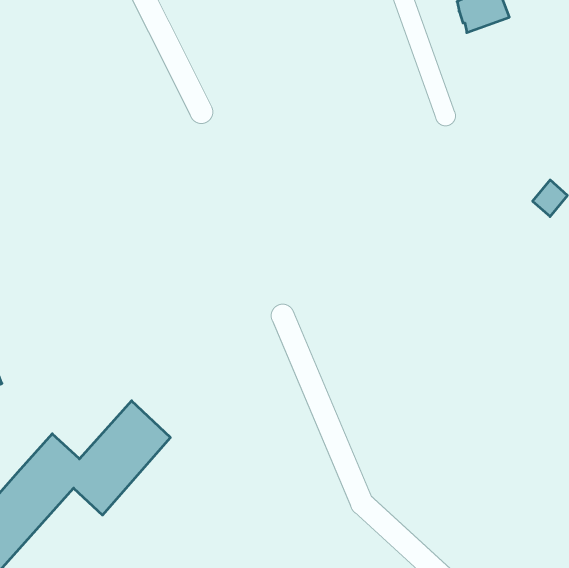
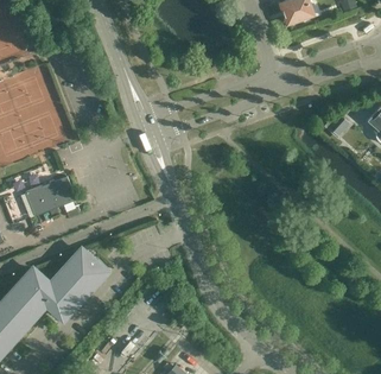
building: none -> [20,177,76,217]

